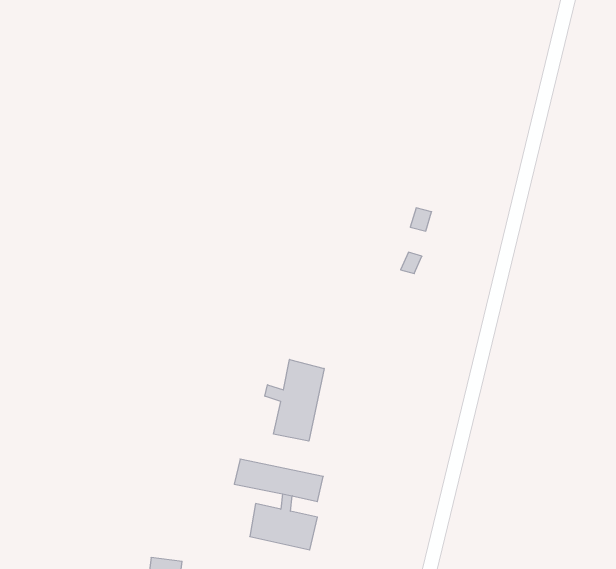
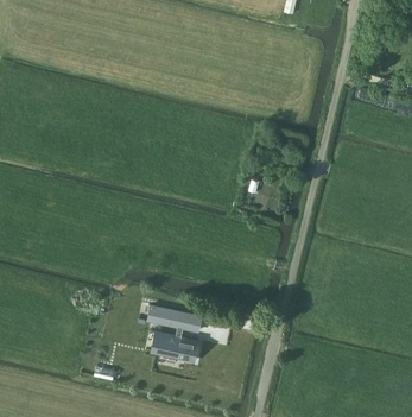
building: [265,359,324,441] -> none

